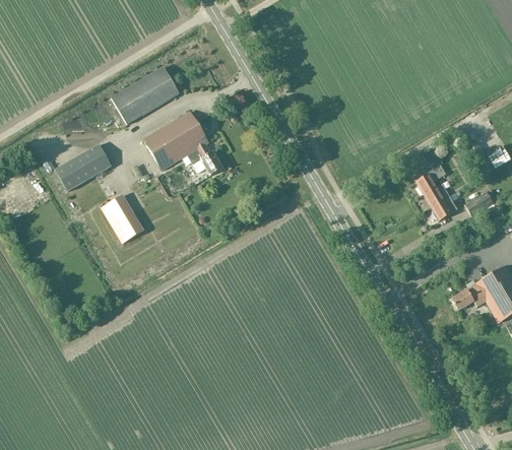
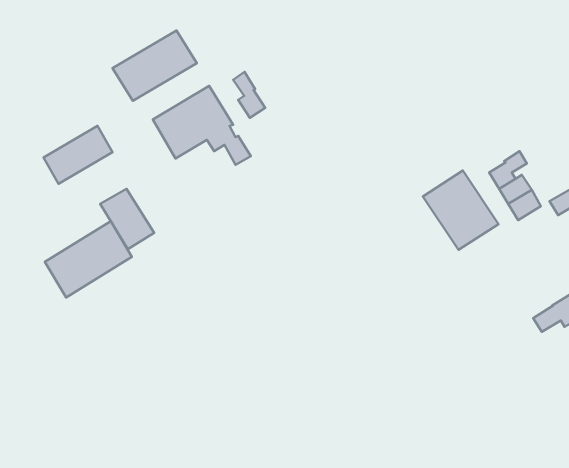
building: none -> [233,72,265,118]
building: none -> [423,171,499,250]
building: none -> [45,221,132,298]

